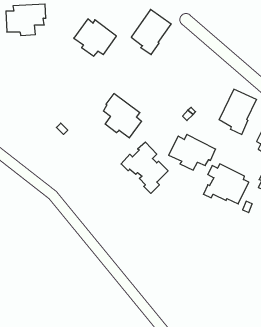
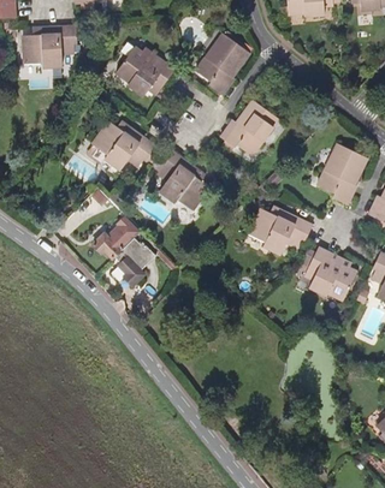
building: none -> [219,100,279,156]
building: none -> [91,120,156,171]
building: [121,142,168,193] -> [91,215,156,286]

